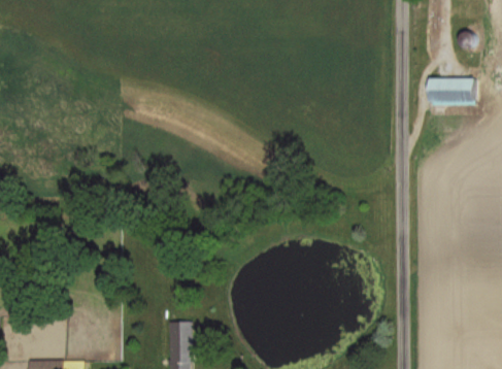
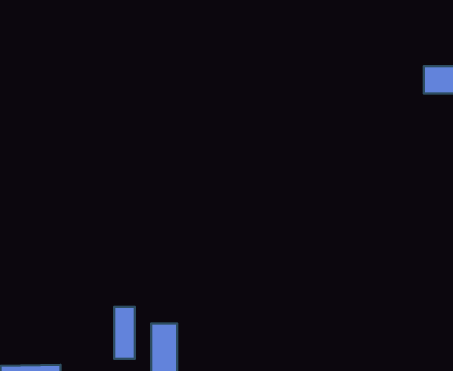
building: none -> [114,307,135,359]

